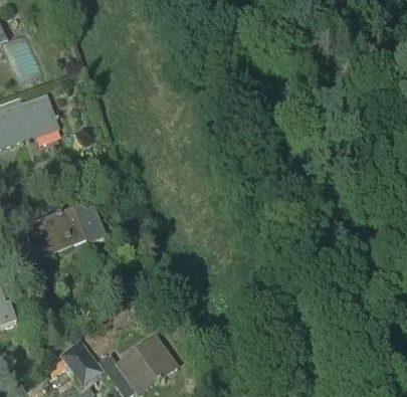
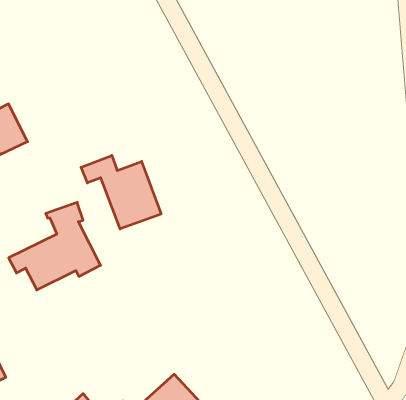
building: none -> [81,155,161,229]

